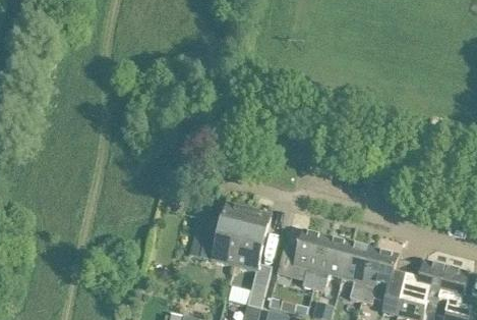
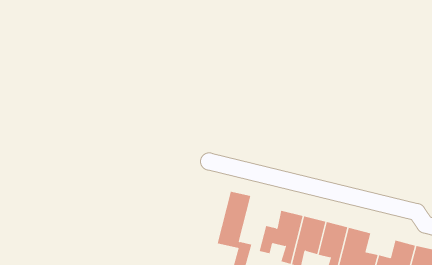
building: [200,203,248,265] -> none

